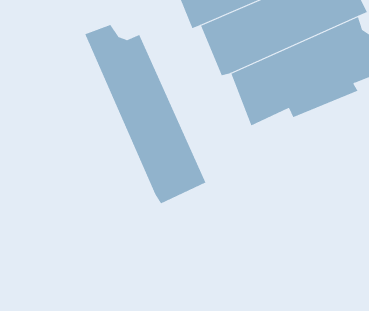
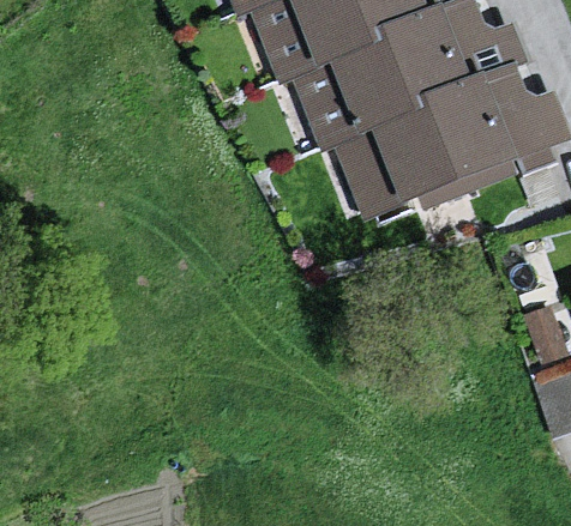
building: [85,24,206,204] -> none

